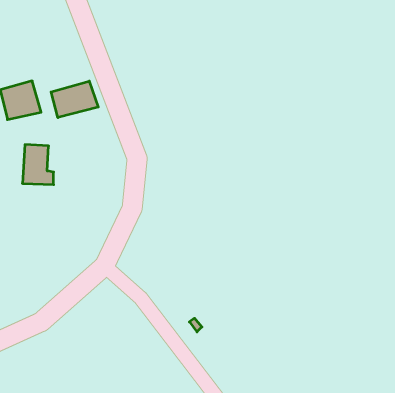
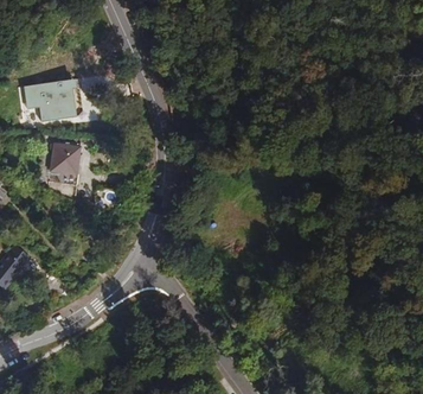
building: [51,81,98,118] -> none

